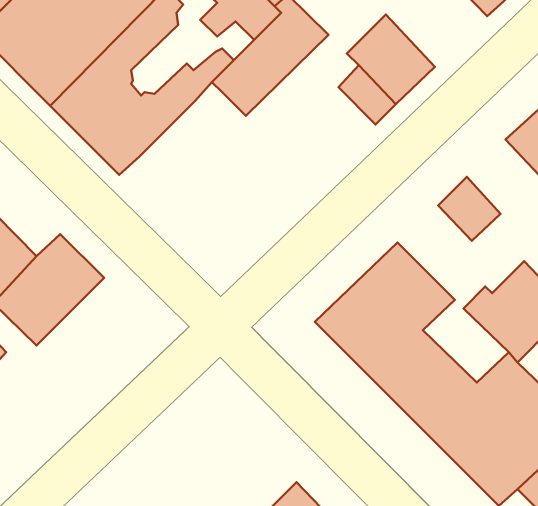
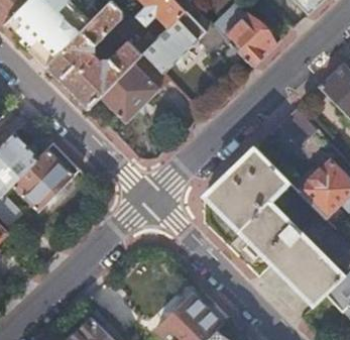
building: none -> [100,64,158,122]

